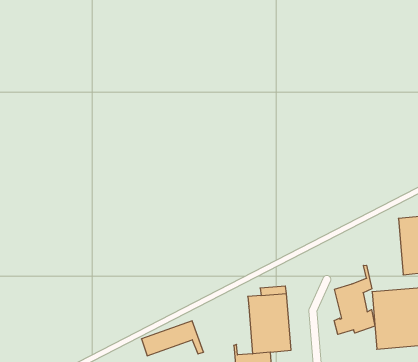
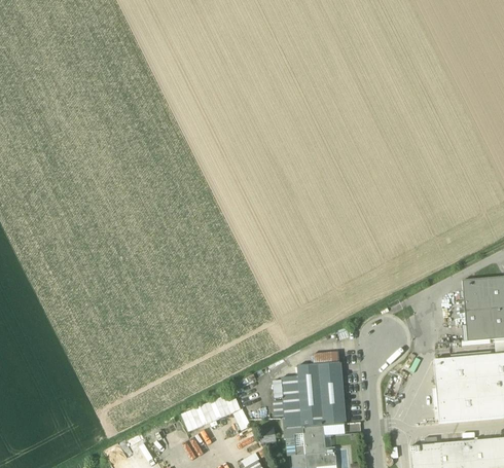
building: [334,265,375,334] -> none
building: none -> [281,377,302,430]

